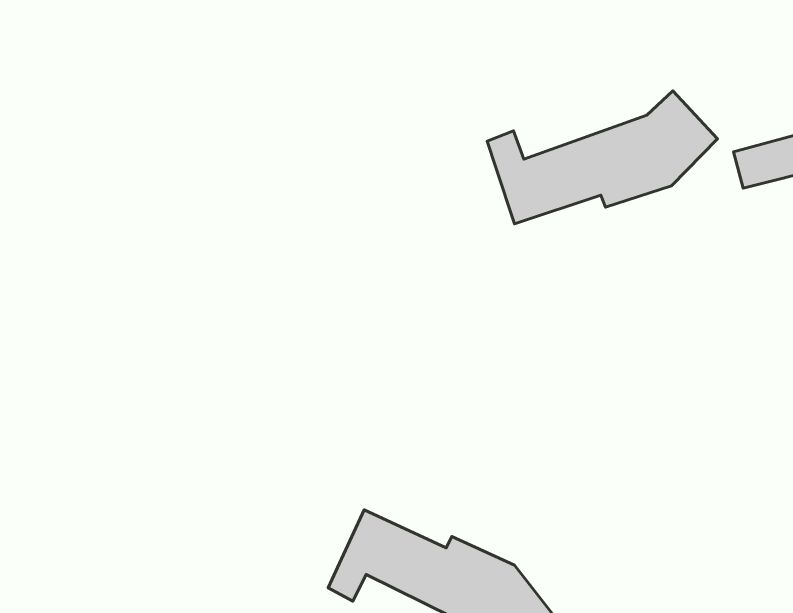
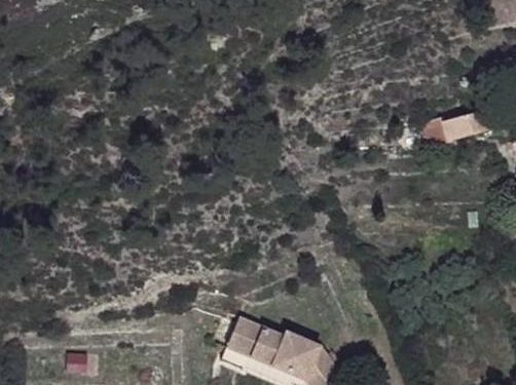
building: [487,91,718,224] -> none

